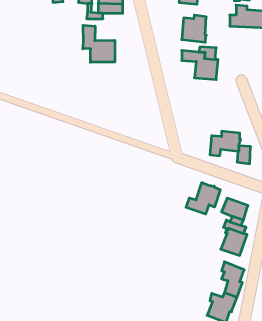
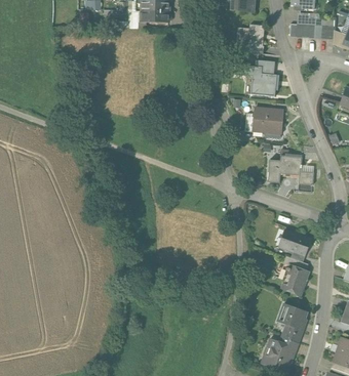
building: [83,25,115,62] -> none
building: none -> [245,108,282,137]
building: [186,183,220,214] -> none

